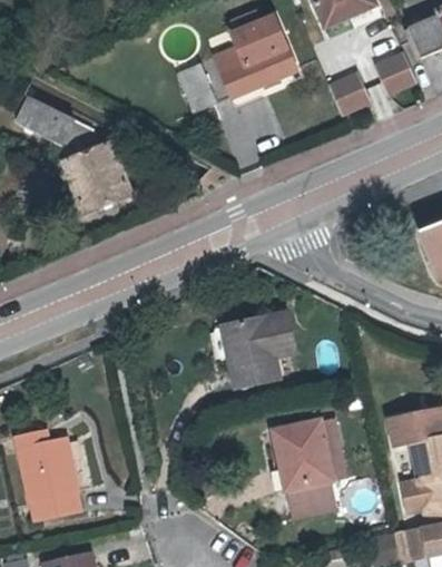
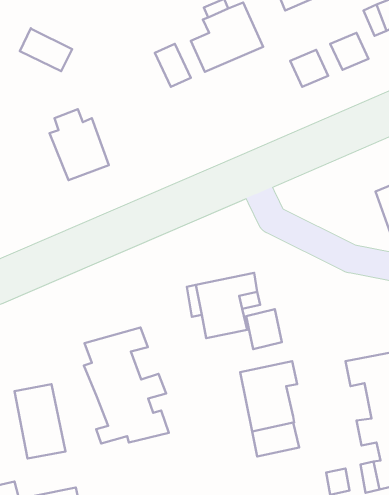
building: [12,95,70,143] -> [20,28,72,71]
building: none -> [246,309,282,349]
building: none -> [84,327,169,444]

